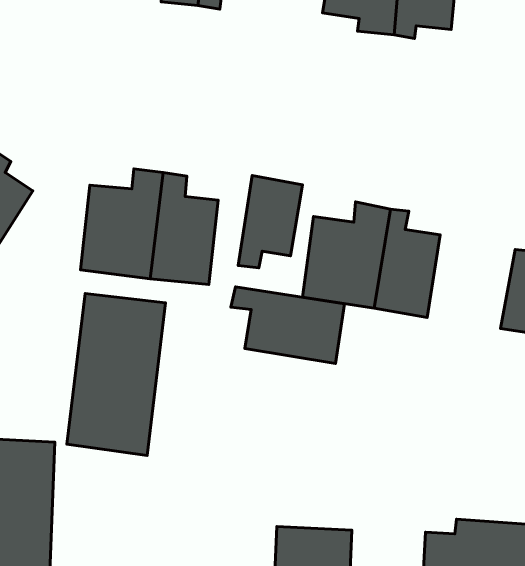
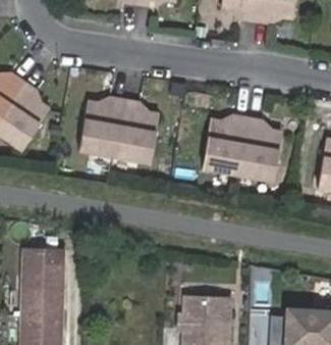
building: [238,176,302,268] -> none
building: [231,287,344,363] -> none
building: [67,294,166,456] -> none

